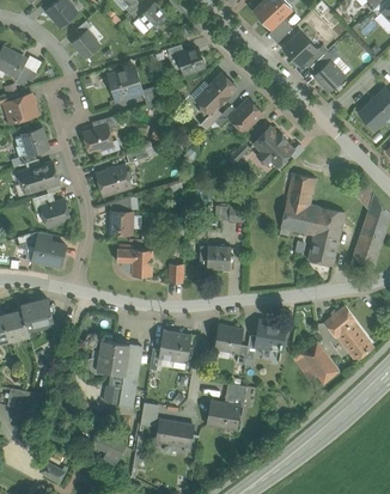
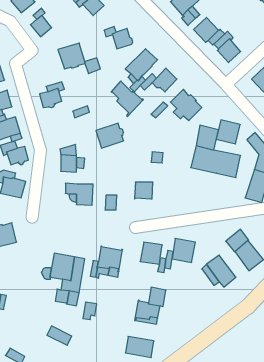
building: none -> [111,81,143,117]
building: [96,164,132,196] -> [96,123,124,148]
building: [307,234,339,266] -> [216,120,240,144]
building: [157,419,194,446] -> [125,336,154,358]

